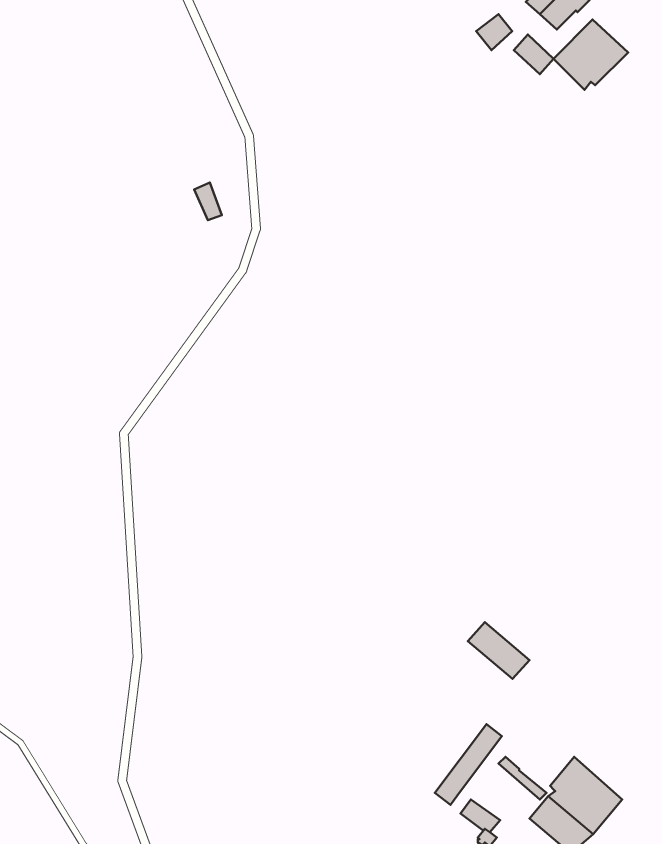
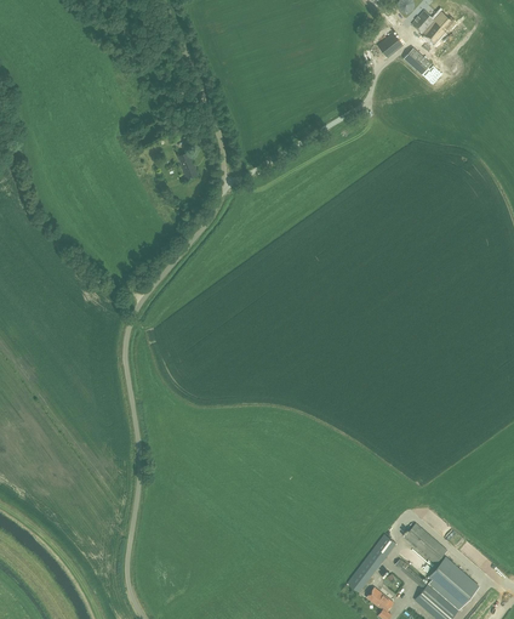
building: [553,20,628,90] -> none
building: [468,622,530,679] -> [402,522,446,562]

